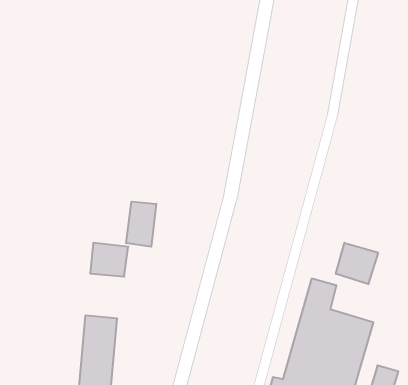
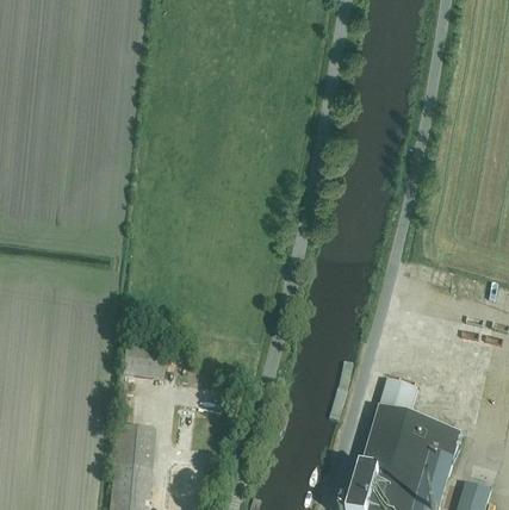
building: [126,202,156,247] -> none
building: [336,243,378,284] -> none

